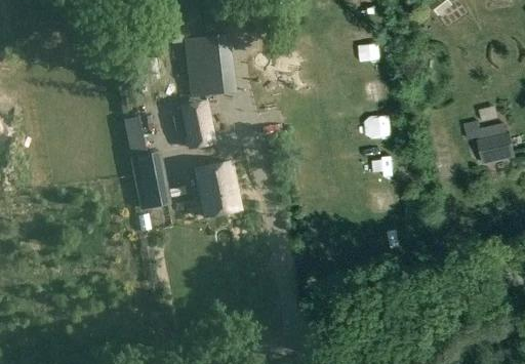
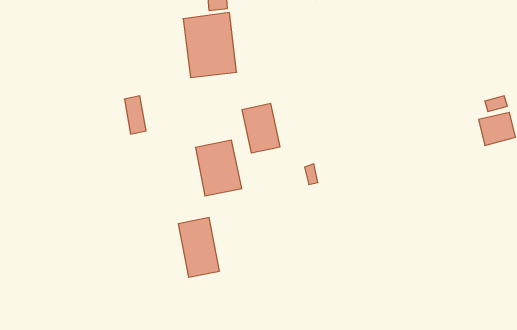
building: [179,98,217,148] -> [242,104,280,153]
building: [130,150,171,209] -> [178,218,219,277]

